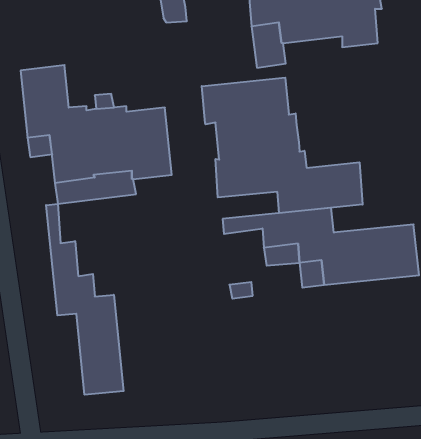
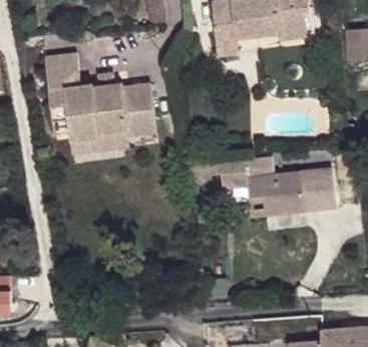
building: [202,78,363,213] -> none
building: [46,204,124,395] -> none

